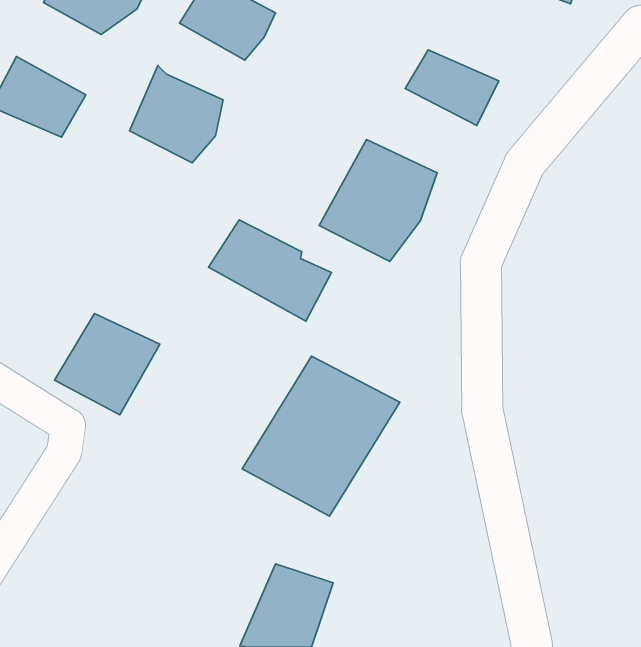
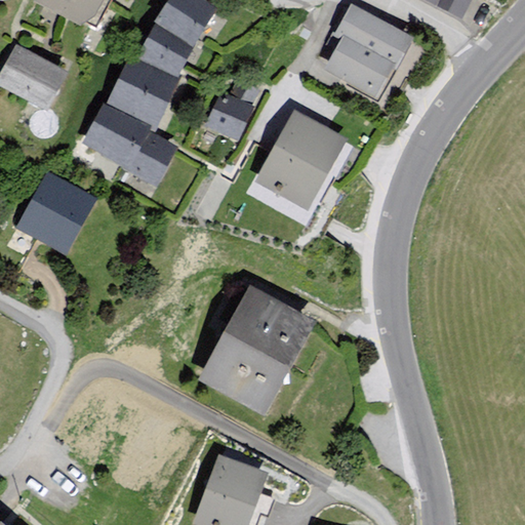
building: none -> [334,6,416,67]
building: none -> [126,18,196,80]
building: none -> [198,93,249,139]
building: [208,220,331,321] -> [79,105,177,186]
building: [55,313,160,415] -> [13,173,97,254]

